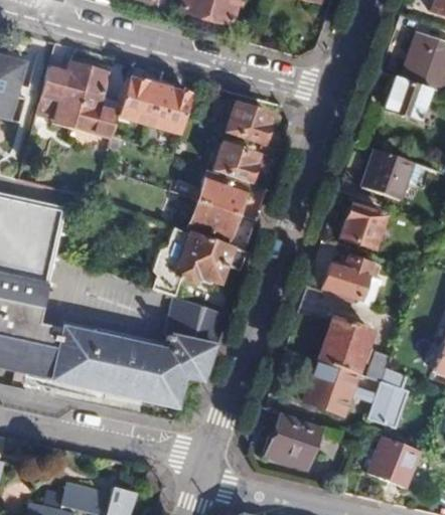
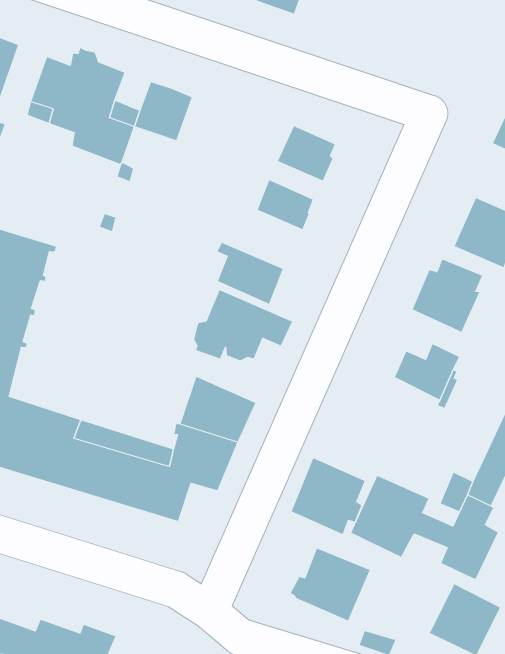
building: [151,91,188,132] -> none
building: [190,174,246,212] -> none
building: [319,318,373,373] -> [291,458,365,535]

